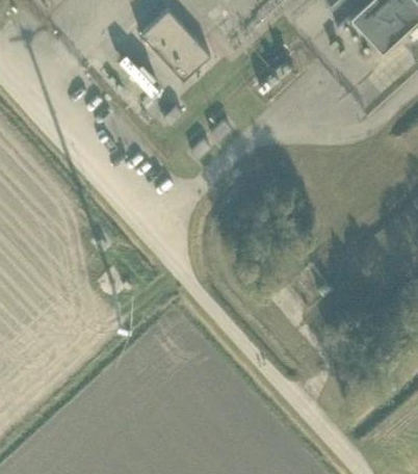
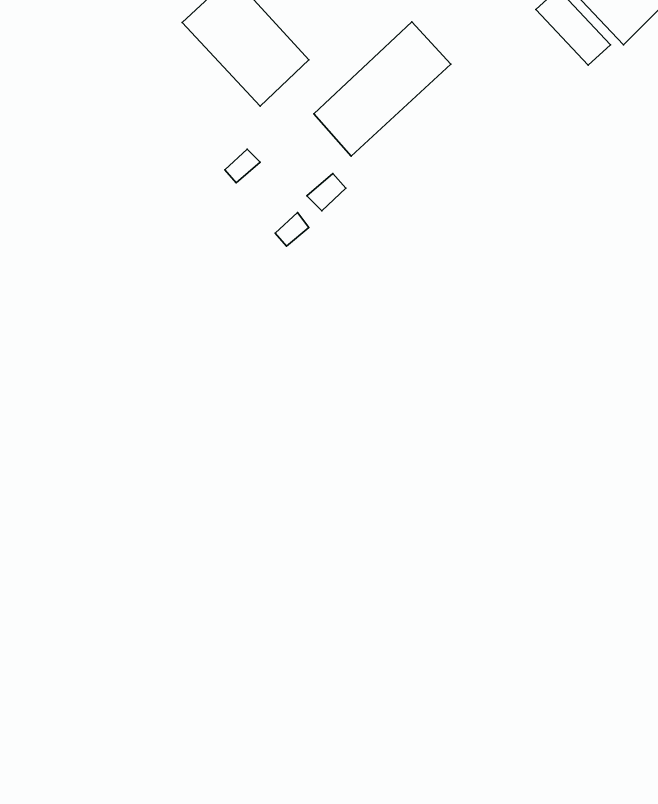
building: none -> [314,22,451,156]

